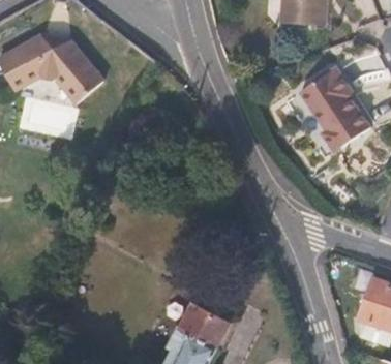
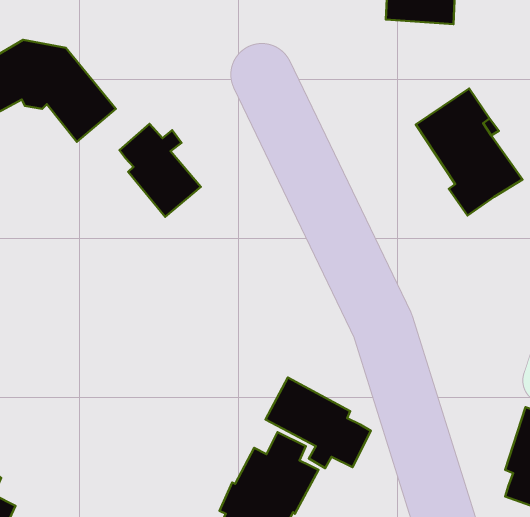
building: none -> [120,124,201,217]
building: none -> [265,377,371,468]

